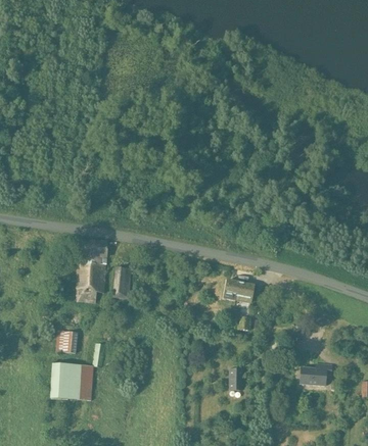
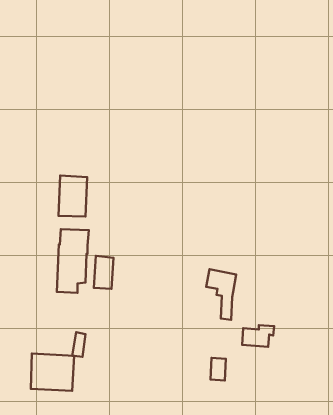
building: none -> [58,176,87,217]
building: [55,330,78,352] -> none
building: [300,364,331,386] -> [242,325,274,347]

